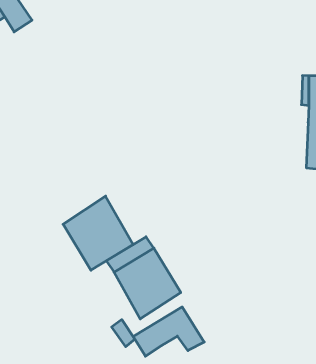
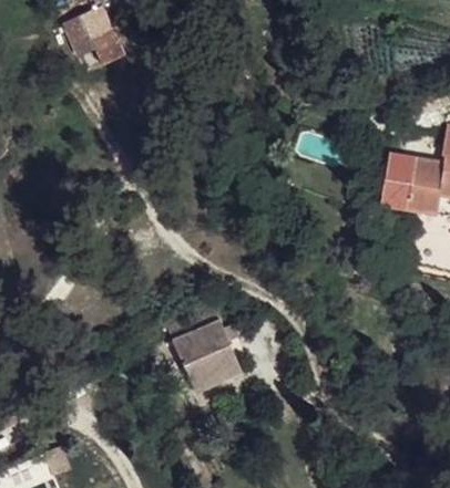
building: [63,196,133,270] -> none
building: [133,307,204,356] -> none

